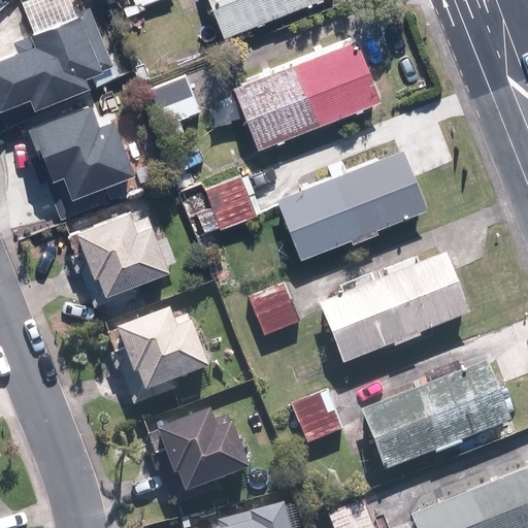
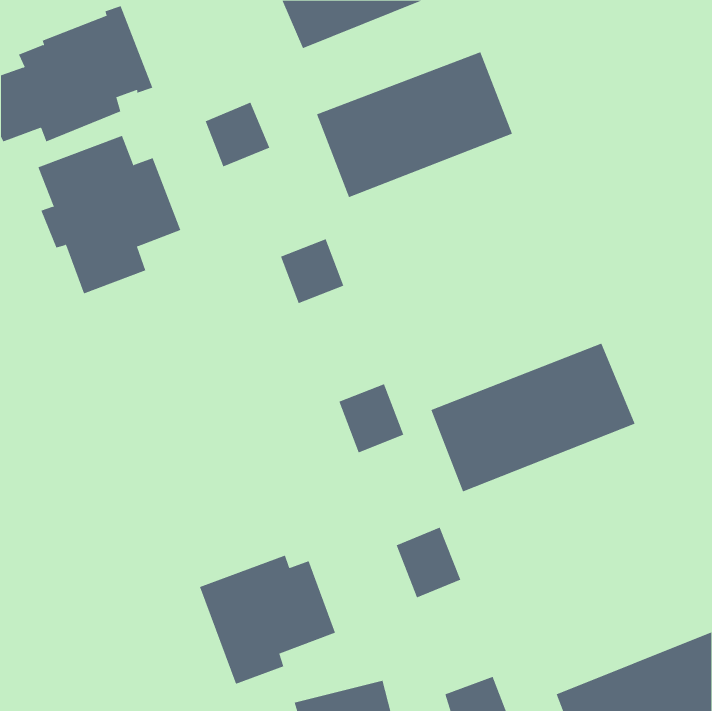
building: [277,147,428,257] -> none
building: [71,210,174,306] -> none
building: [114,310,208,406] -> none
building: [361,362,510,471] -> none

